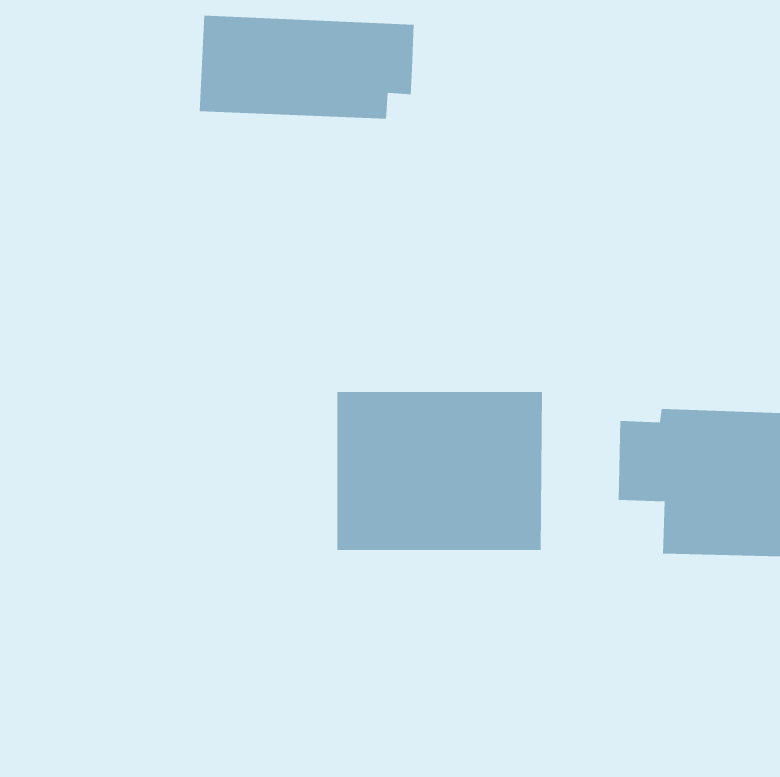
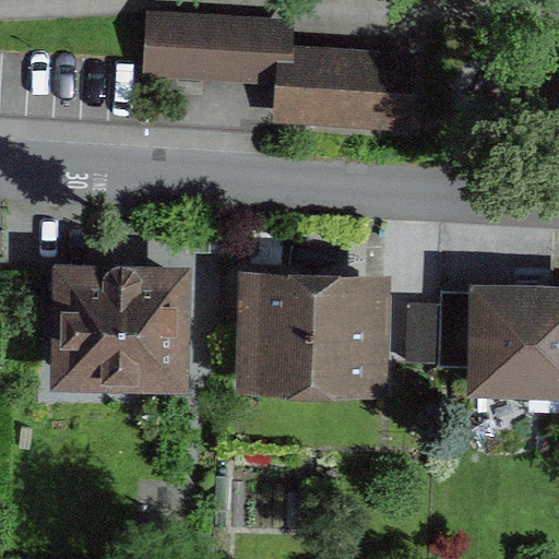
building: none -> [276,49,409,124]
building: none -> [53,271,180,388]

